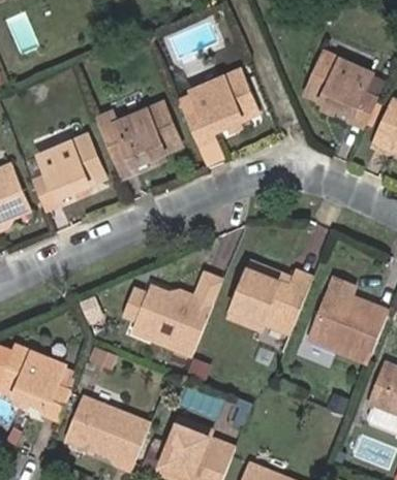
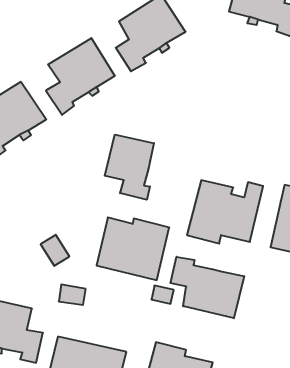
building: none -> [105,135,154,200]
building: none -> [170,257,244,318]

